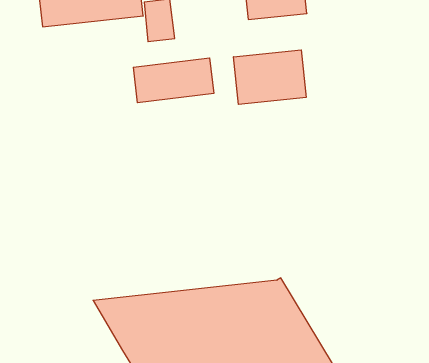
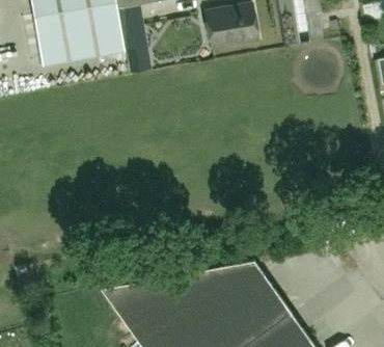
building: [234,50,306,104] -> none
building: [133,58,214,103] -> none

